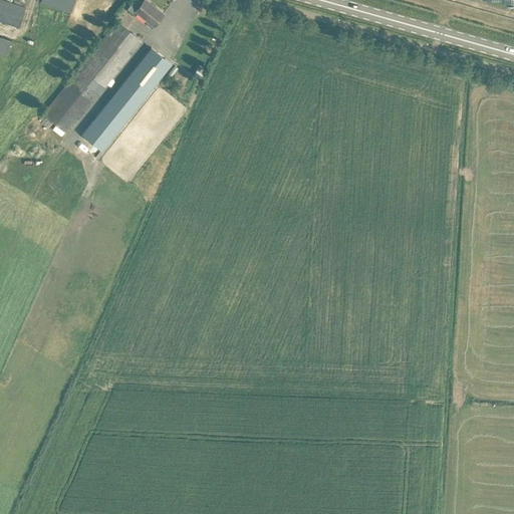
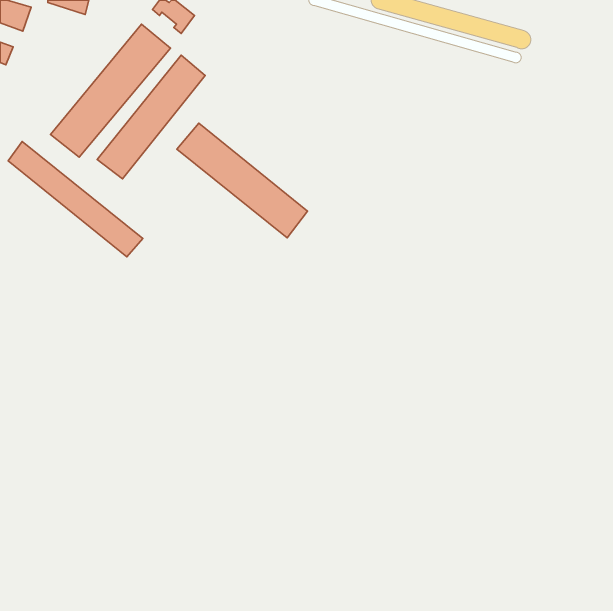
building: none -> [177,123,308,238]
building: none -> [8,142,143,257]

